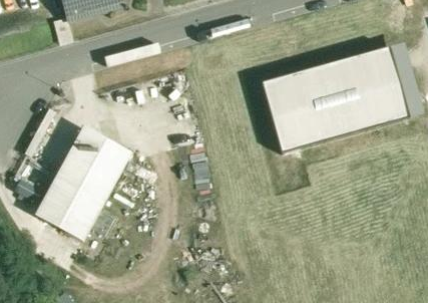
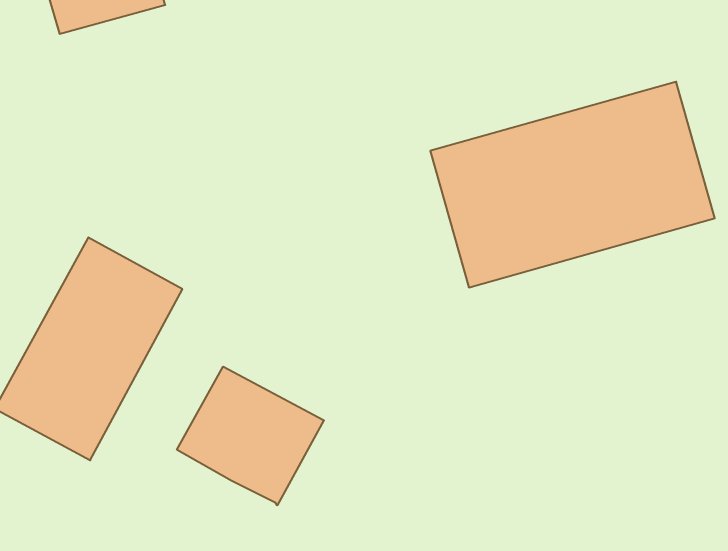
building: none -> [177,367,324,505]

